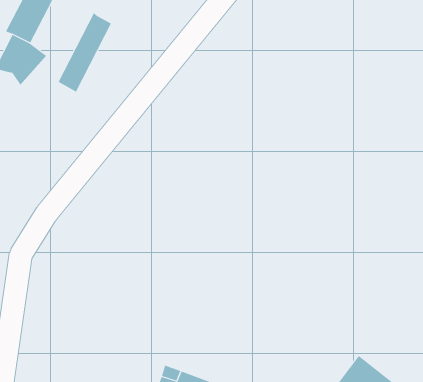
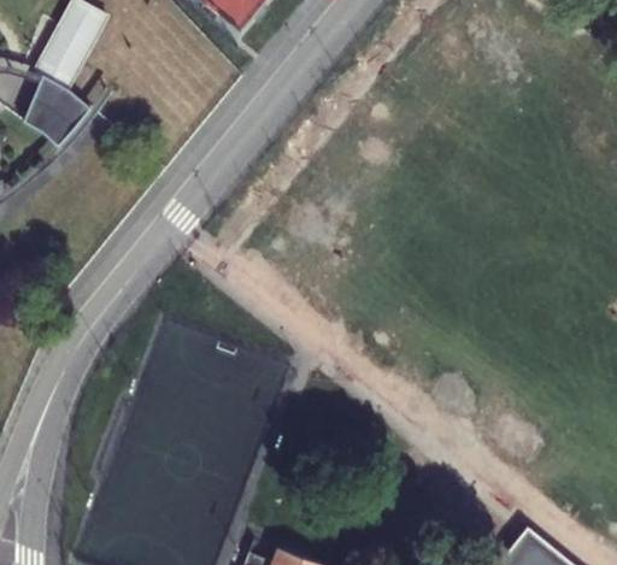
building: [58,12,112,93] -> none

